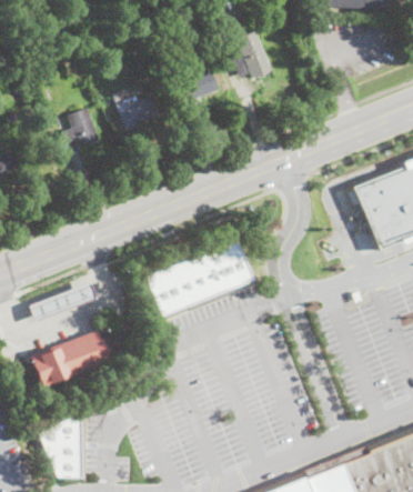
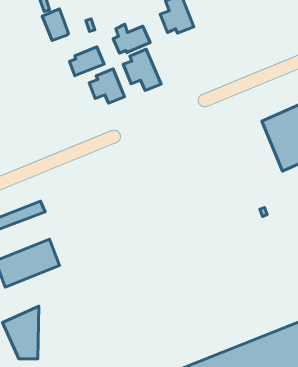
building: none -> [123,49,161,91]
building: [68,107,100,145] -> [42,9,69,41]
building: none -> [89,69,125,103]
building: [149,240,256,321] -> none

